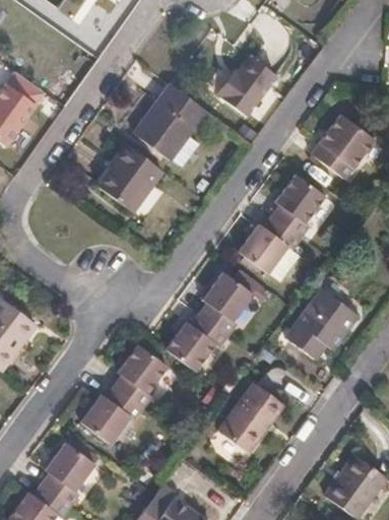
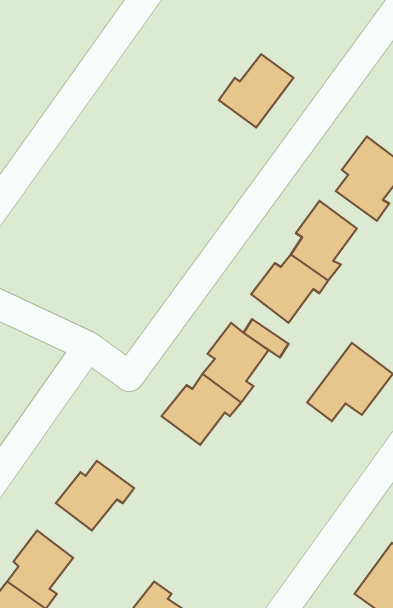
building: [132,82,206,159] -> none
building: [96,142,161,210] -> none
building: [115,346,168,409] -> none
building: [218,382,284,453] -> none

